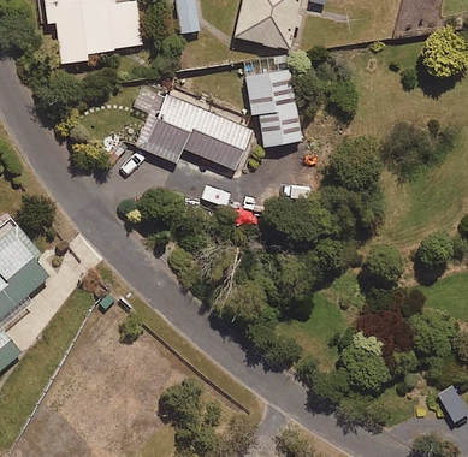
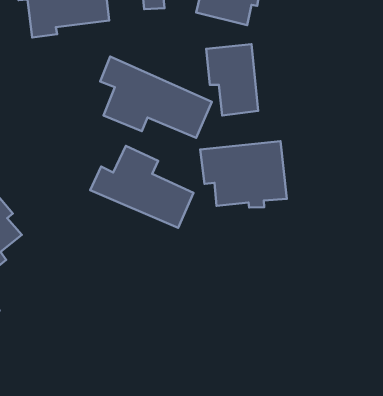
building: none -> [200,141,287,208]
building: none -> [90,146,193,228]

